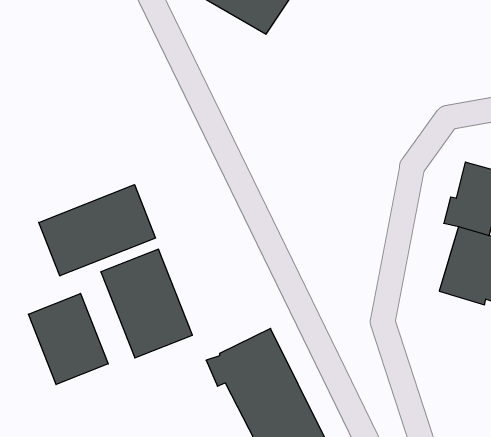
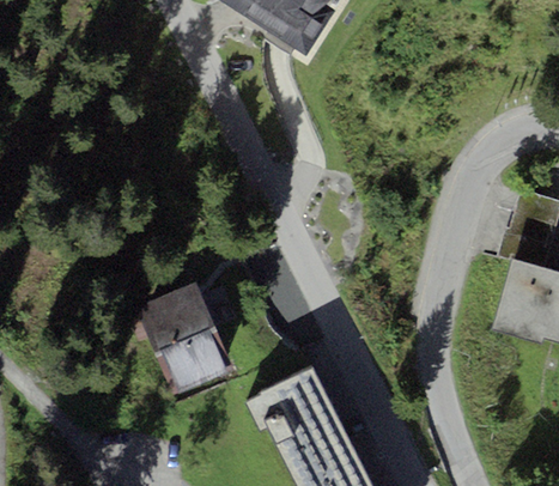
building: [39,185,156,276] -> none
building: [28,293,108,385] -> none

